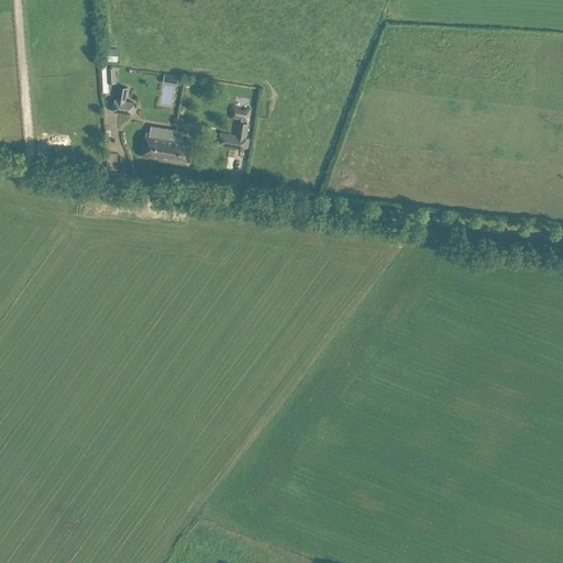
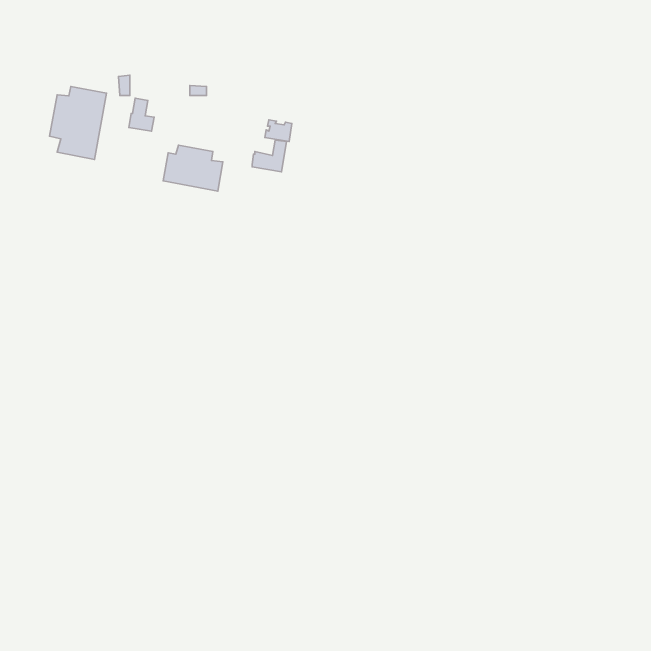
building: none -> [50,87,106,159]

